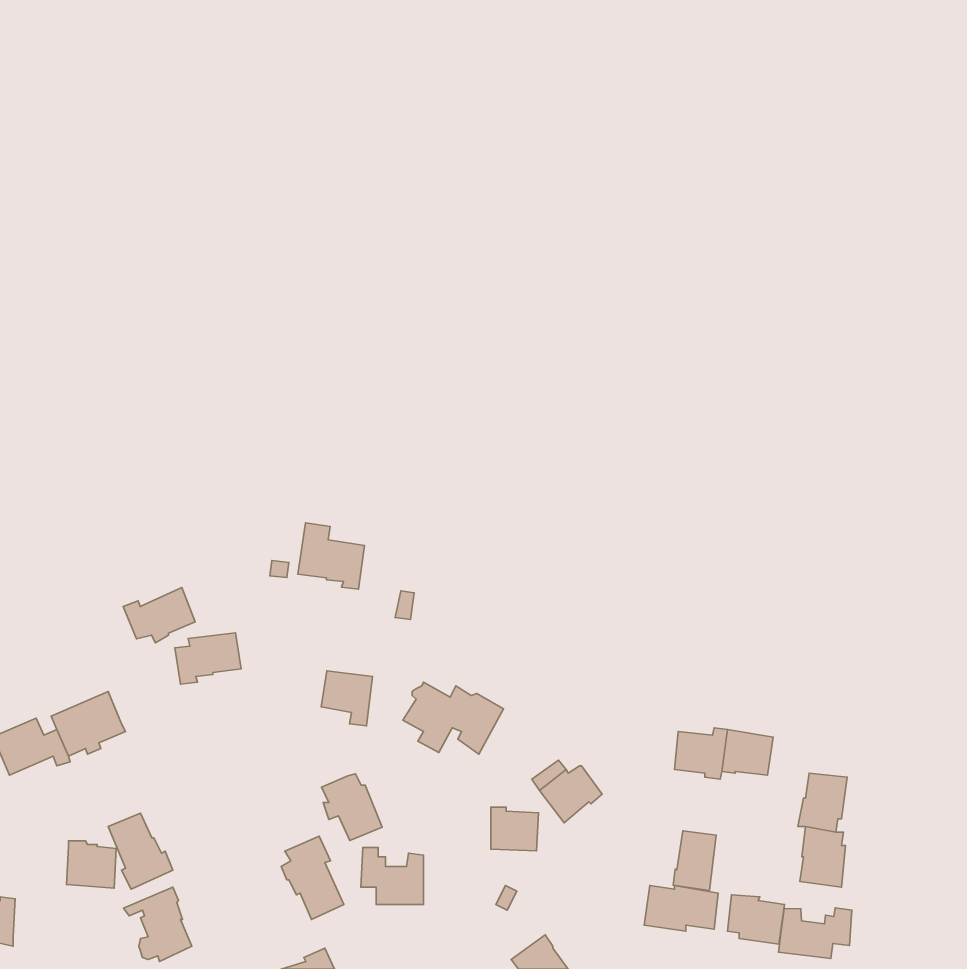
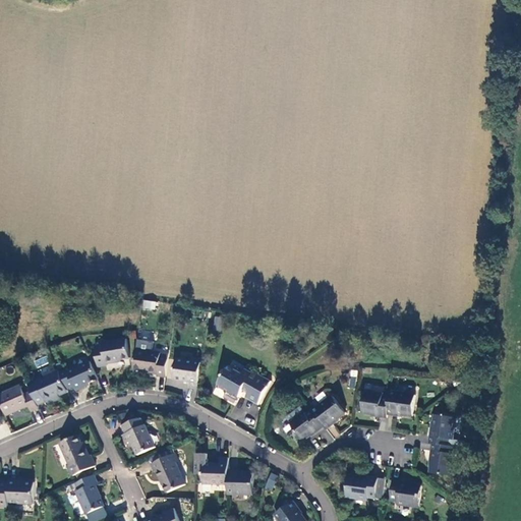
building: [298,523,364,589] -> [132,341,168,377]
building: [123,588,195,643] -> [58,360,97,390]
building: none -> [311,395,344,428]
building: [321,774,382,840] -> [121,418,154,454]
building: [491,807,538,851] -> [227,470,252,494]
building: [673,831,716,891] -> none
building: [67,841,116,888] -> [7,478,34,504]
building: [779,908,852,959] -> none

